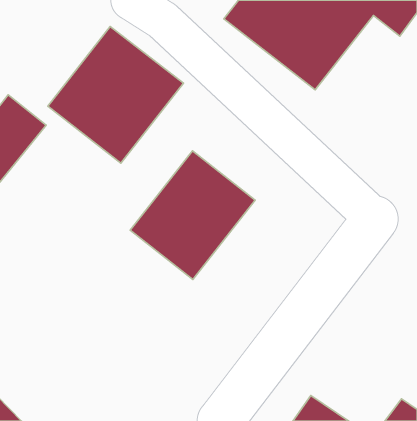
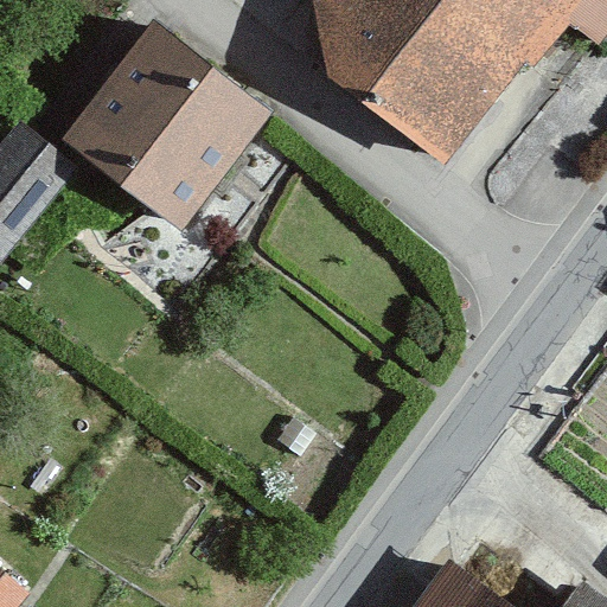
building: [130,151,255,279] -> none

